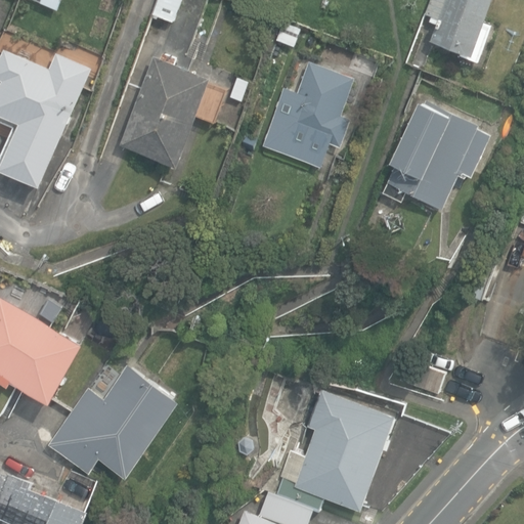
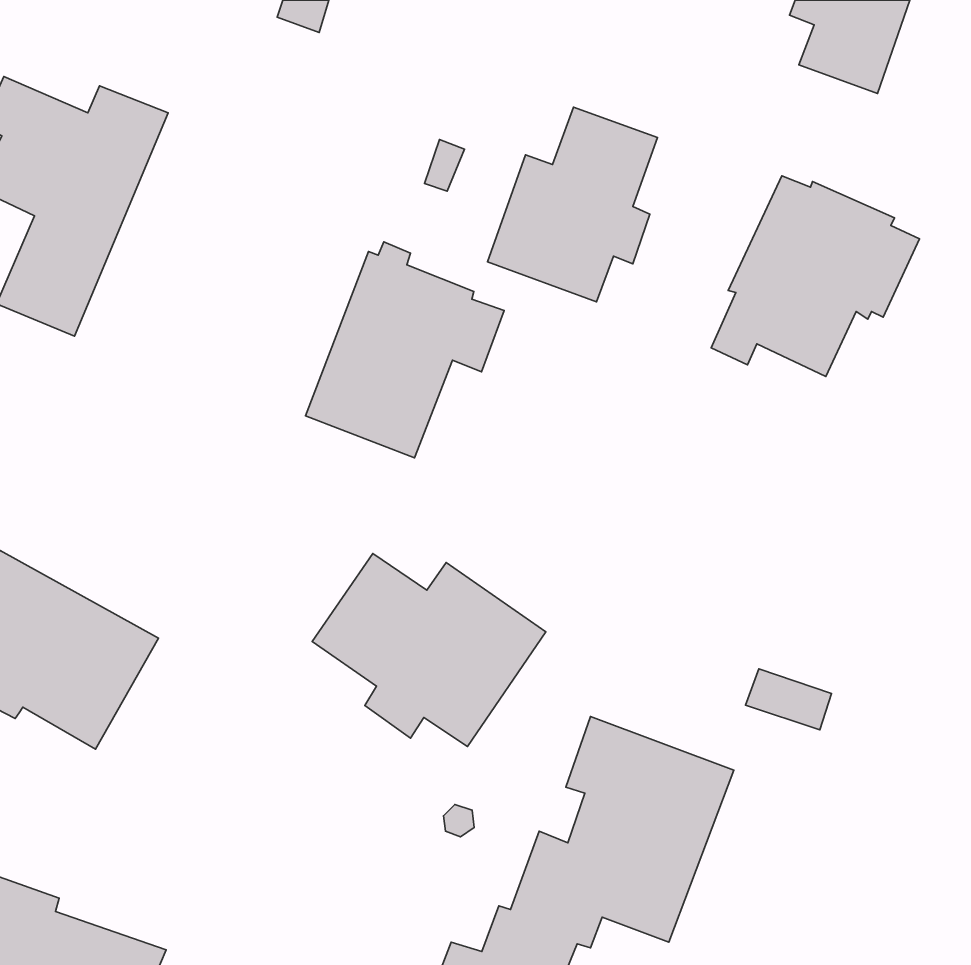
building: [118,52,224,168] -> [305,242,504,458]
building: none -> [312,553,546,747]
building: [45,363,178,475] -> none

